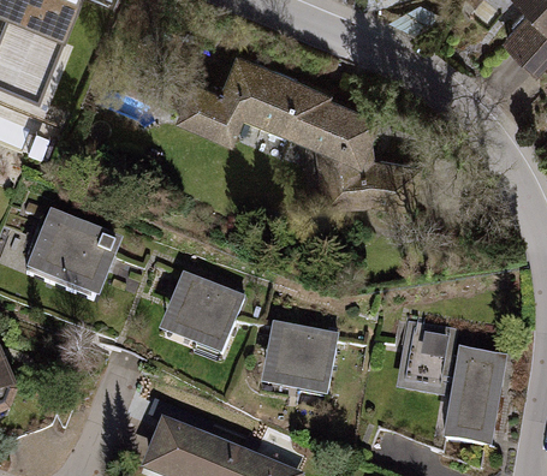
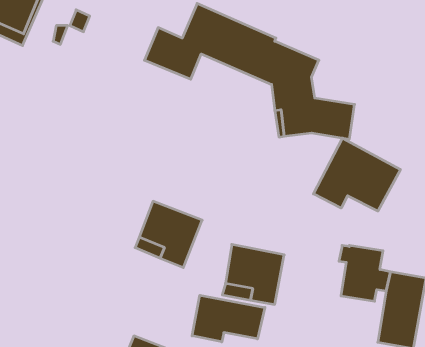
building: none -> [313,138,400,211]
building: [26,218,115,299] -> none
building: none -> [192,295,265,342]

